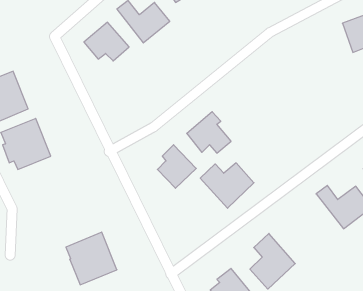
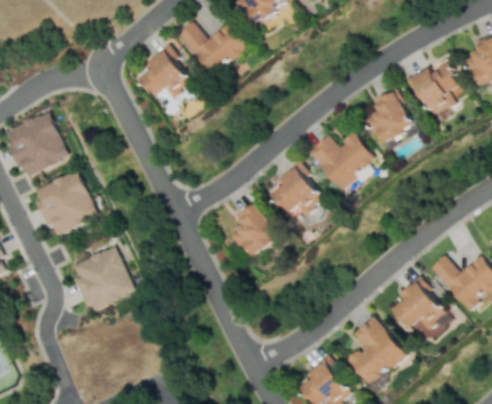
building: none -> [411,64,460,116]
building: none -> [367,89,415,145]
building: [200,163,254,208] -> [308,133,376,190]
building: none -> [391,279,448,339]
building: [66,232,117,285] -> [70,246,134,313]

